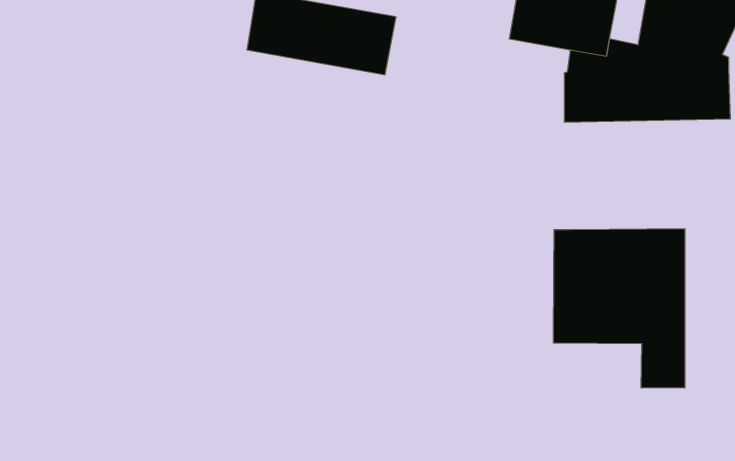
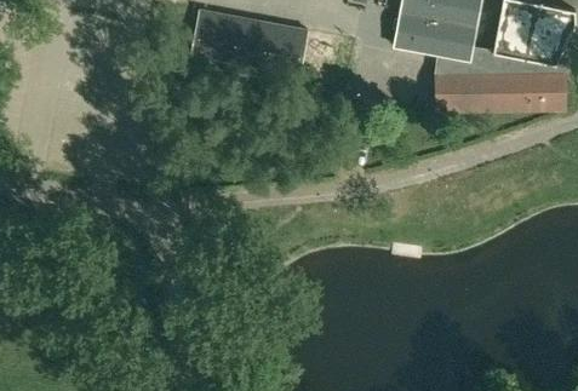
building: [553,229,685,388] -> none

